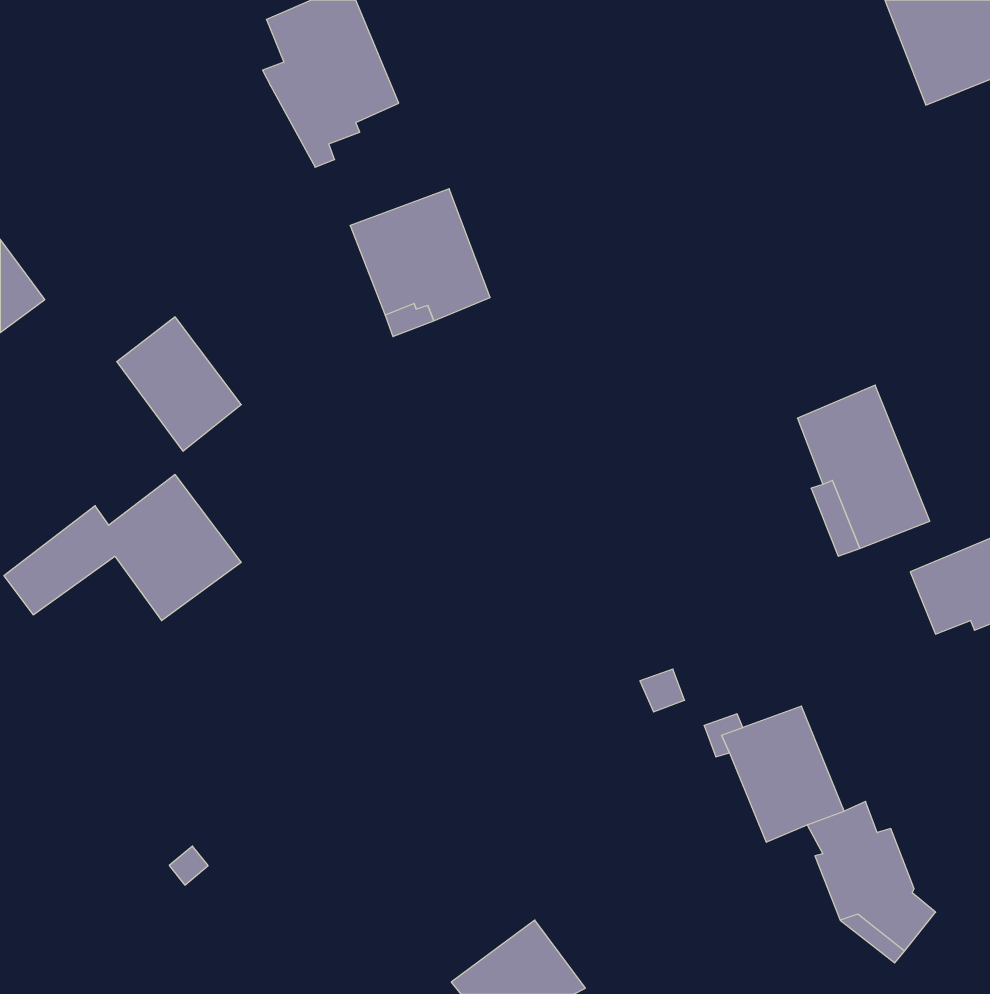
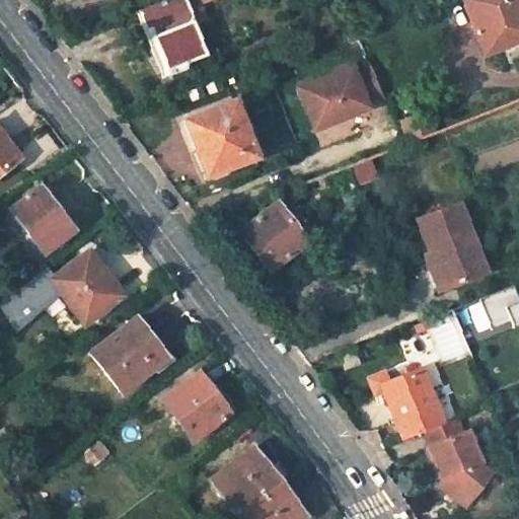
building: none -> [297,62,383,129]
building: [117,317,241,451] -> [13,182,78,252]
building: none -> [241,203,309,265]
building: none -> [92,314,169,392]
building: none -> [162,368,233,440]
building: none -> [212,444,281,512]

